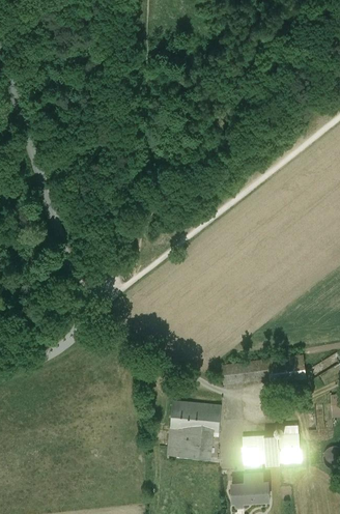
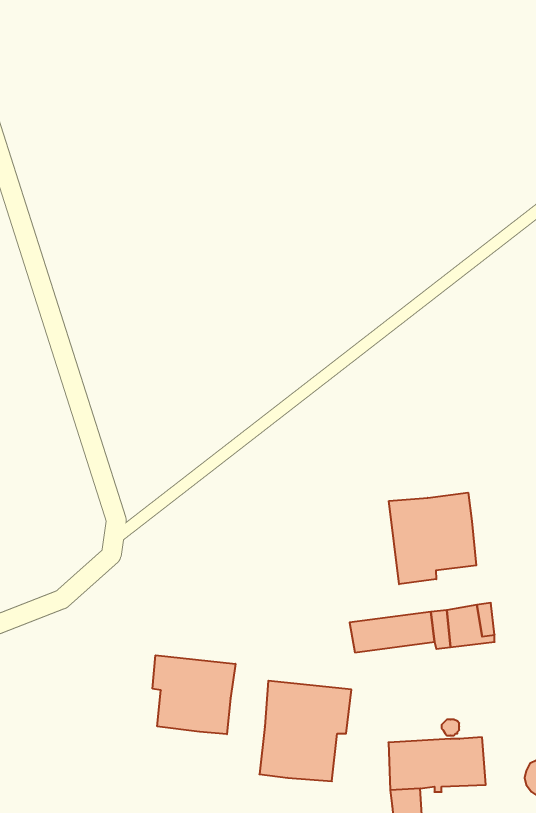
building: none -> [389,493,476,584]
building: none -> [153,655,235,734]

